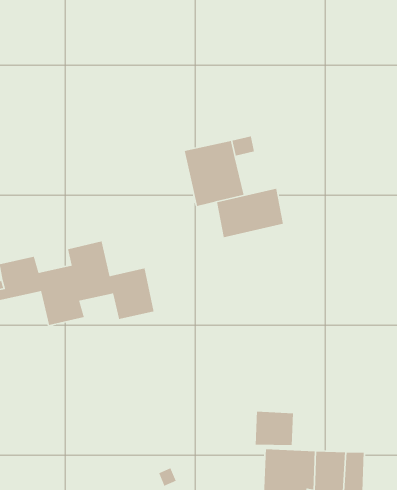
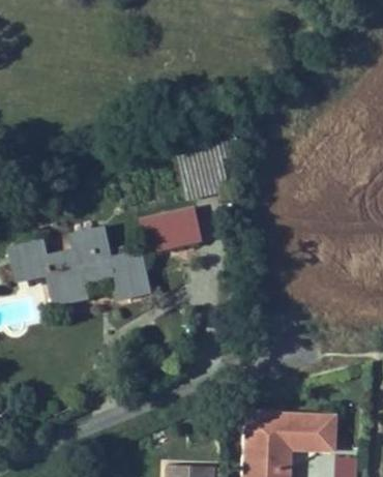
building: [216,188,284,238] -> [142,208,202,252]
building: [255,411,294,446] -> none

